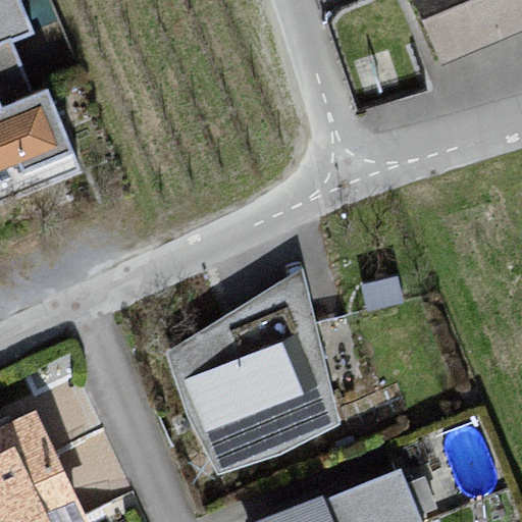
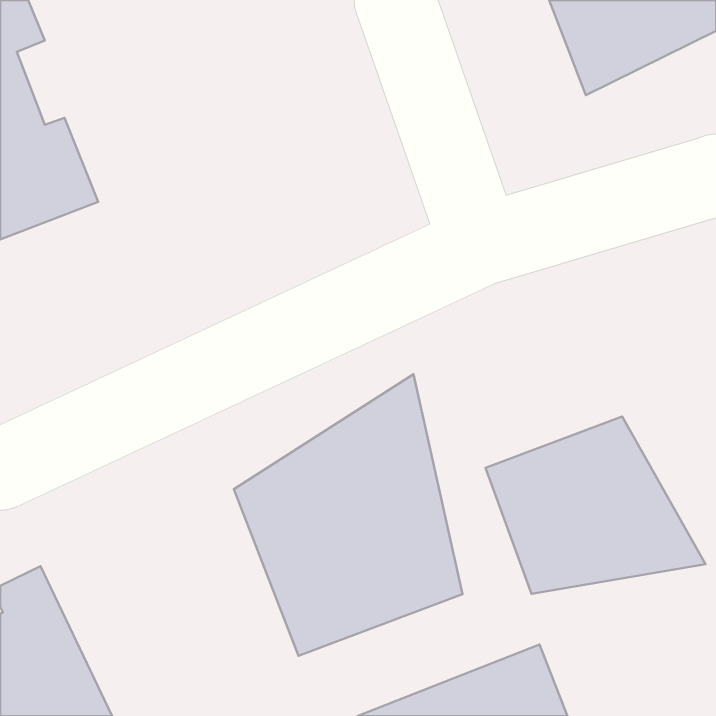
building: none -> [485,417,706,594]

